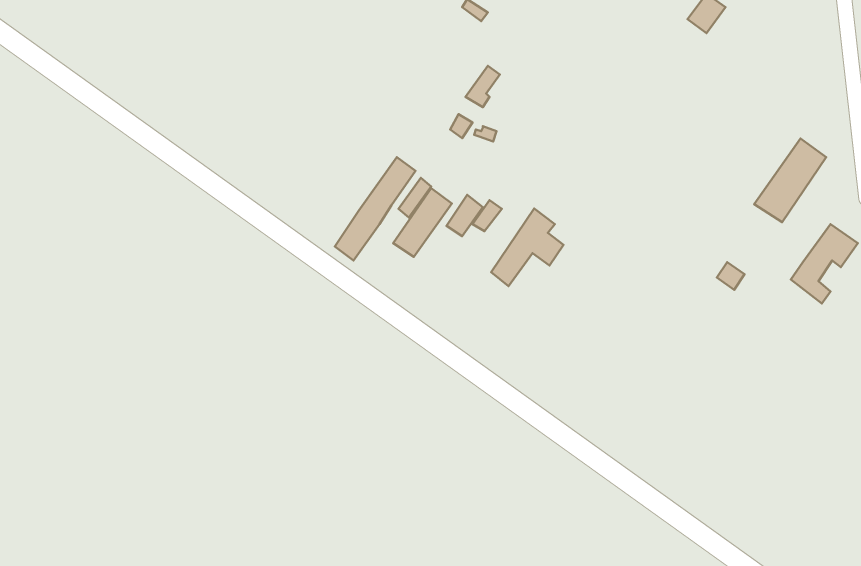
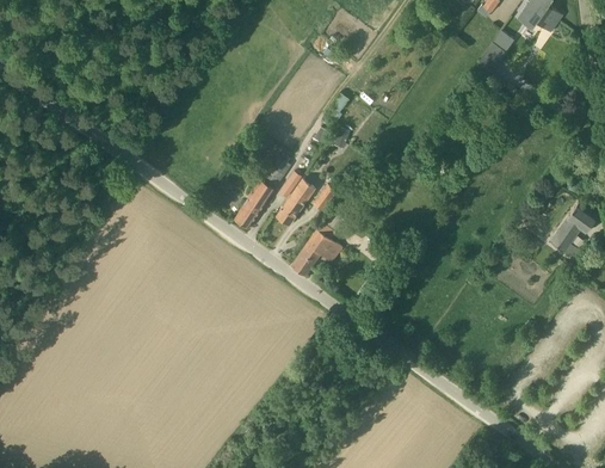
building: [754,138,826,222] -> none
building: [491,209,563,286] -> [291,222,341,276]

